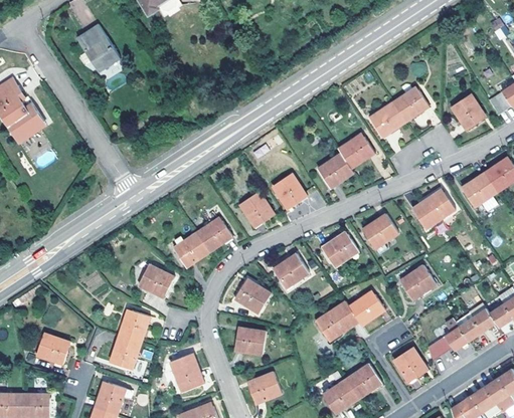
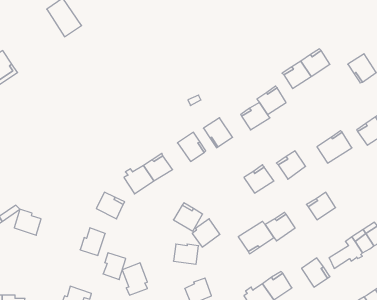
building: [275,253,309,288] -> [192,219,220,247]
building: [36,333,69,365] -> [14,209,41,235]
building: [113,337,141,370] -> [103,253,126,280]

